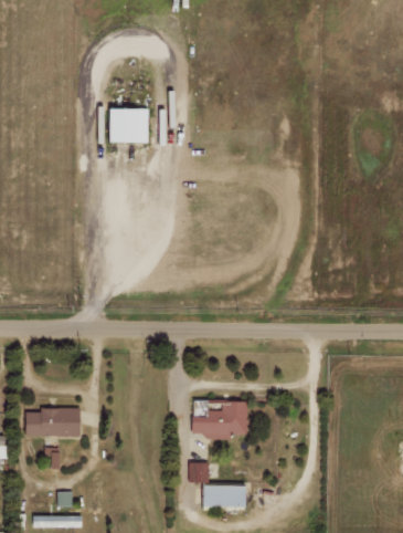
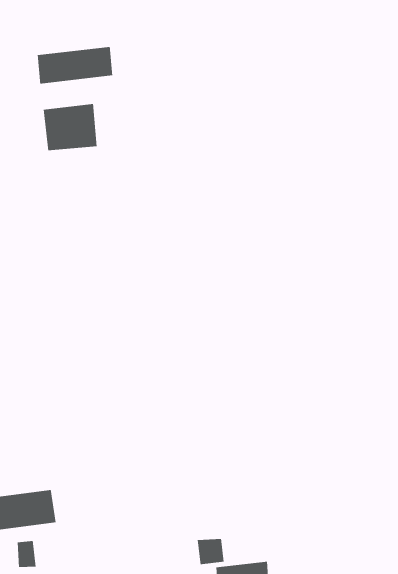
building: none -> [37,46,113,84]
building: [192,401,247,439] -> none

